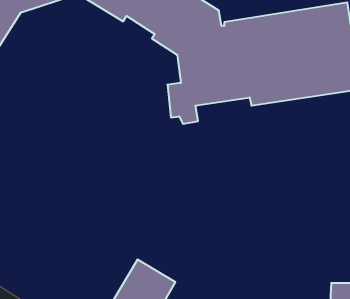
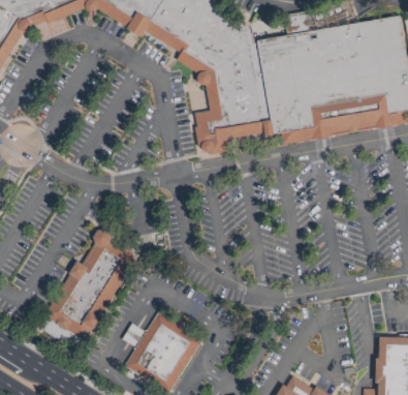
building: none -> [46,229,133,341]

